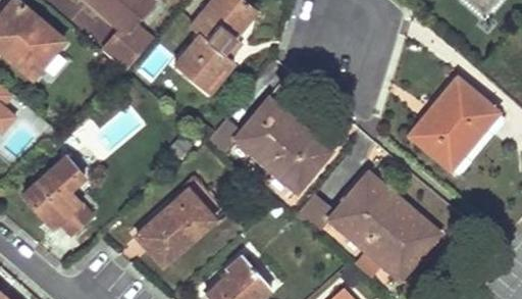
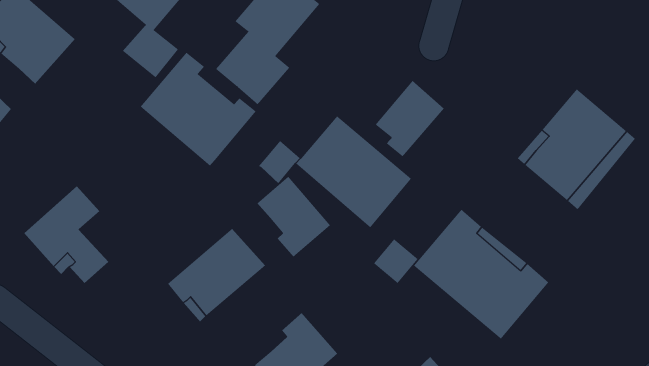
building: none -> [140,52,257,166]
building: none -> [375,80,444,157]
building: none -> [256,176,331,258]

